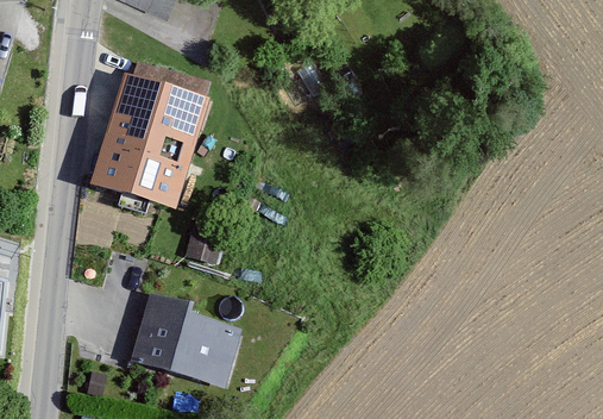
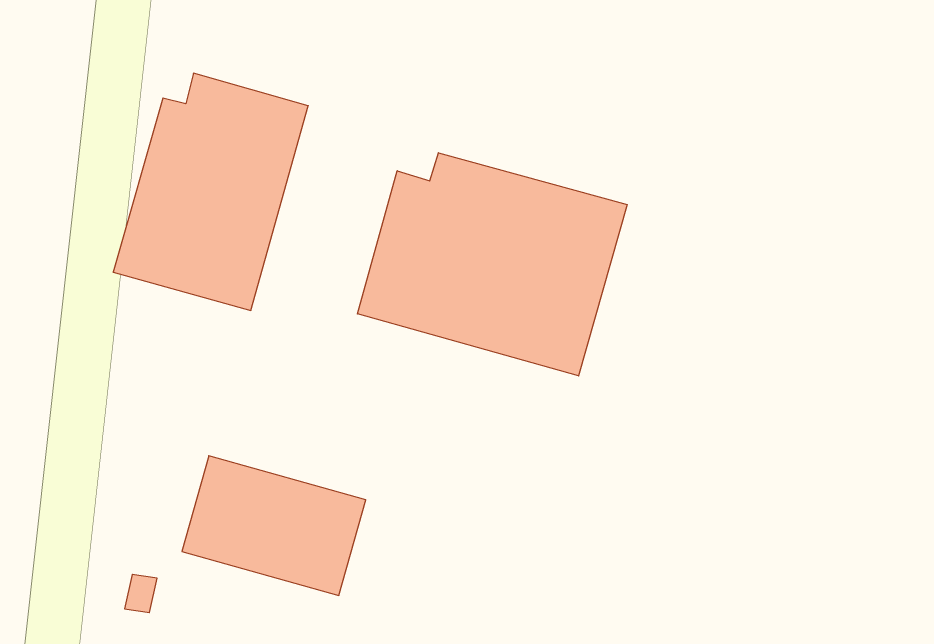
building: none -> [357,153,627,376]

